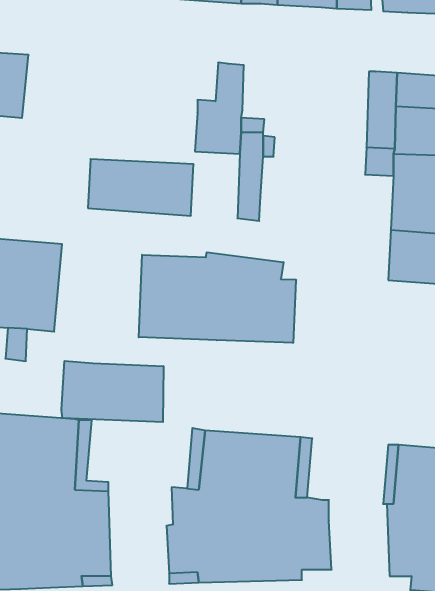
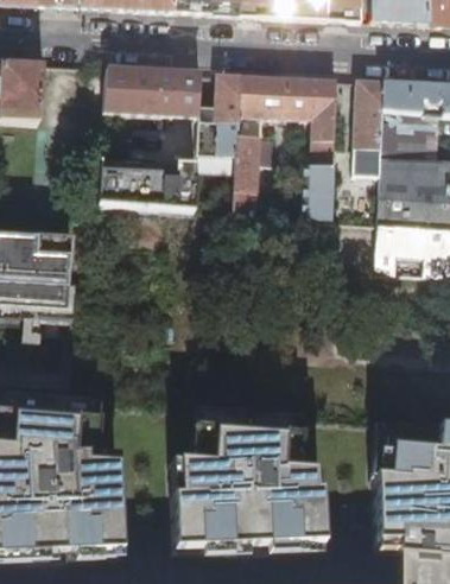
building: none -> [106,65,202,116]
building: none -> [242,72,337,221]
building: [139,252,296,343] -> none
building: [62,361,163,422] -> none

